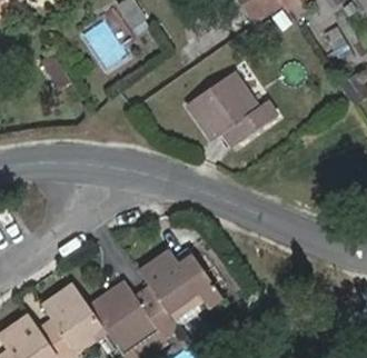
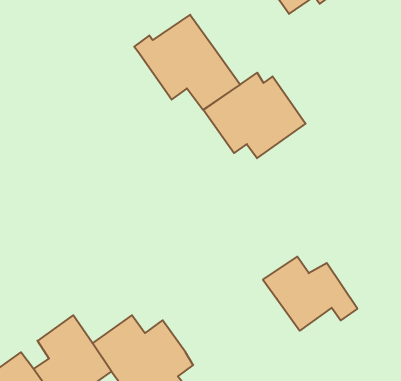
building: none -> [134,15,240,110]
building: [138,250,220,315] -> [263,257,357,331]

